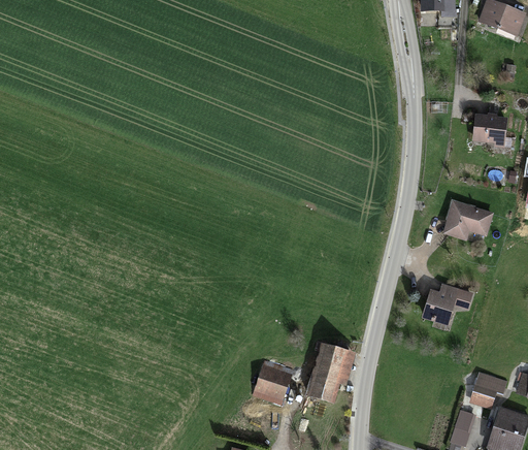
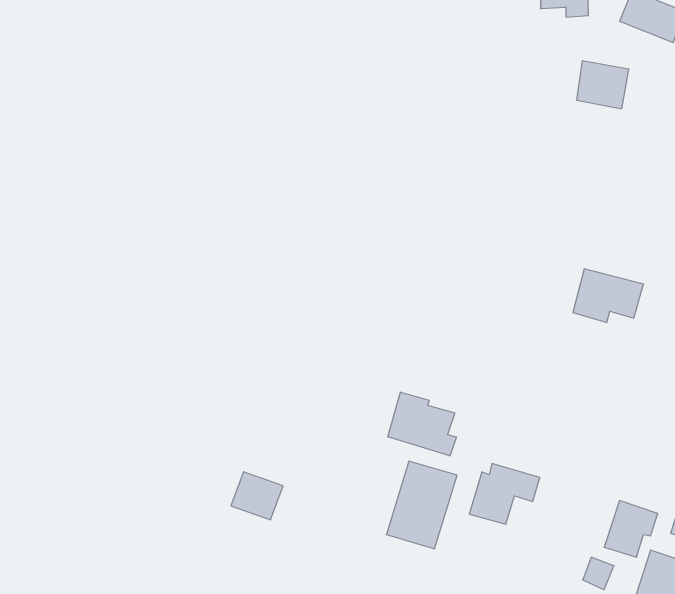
building: [472,112,510,148] -> [577,61,629,109]
building: [423,282,474,326] -> [469,463,540,524]
building: none -> [388,392,456,456]
building: [254,364,292,399] -> [231,472,283,520]

